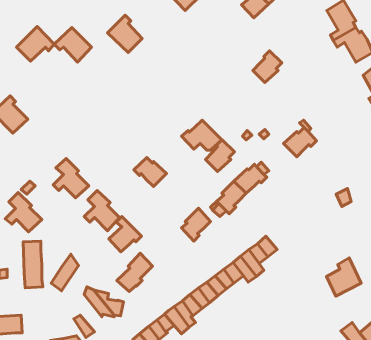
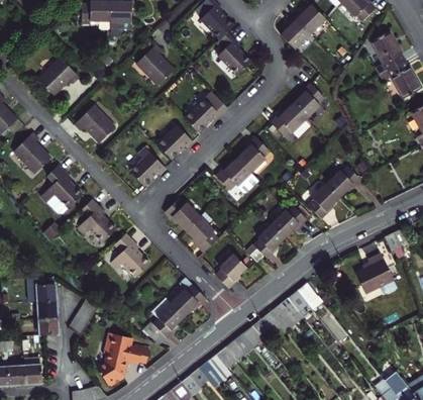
building: none -> [213,32,250,75]
building: [54,27,92,62] -> [74,105,114,142]
building: none -> [183,95,226,131]
building: none -> [271,104,305,135]
building: none -> [155,125,192,158]
building: none -> [129,151,165,185]
building: [205,140,234,172] -> [237,136,269,171]
building: none -> [307,183,339,219]
building: none -> [185,215,216,252]
building: [5,192,42,232] -> [42,165,82,207]
building: [109,216,141,252] -> [171,277,206,315]
building: [327,258,361,296] -> [354,253,392,294]
building: none -> [106,345,129,386]

